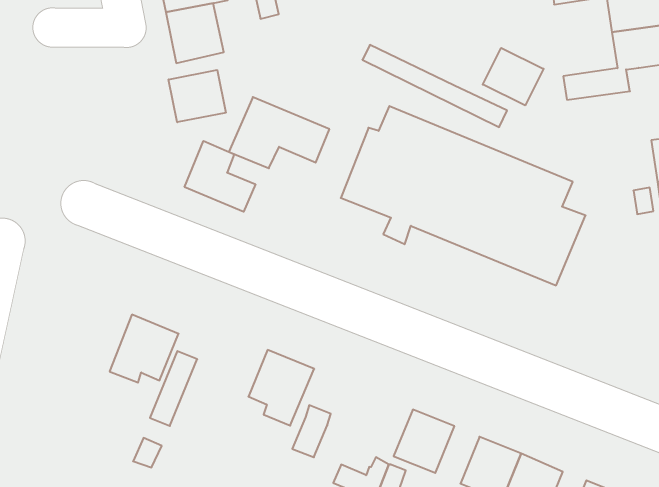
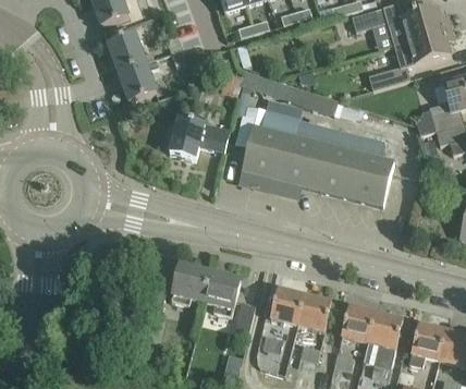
building: [483,48,544,105] -> none
building: [169,70,226,122] -> none
building: [185,141,255,212] -> none
building: [110,315,179,383] -> [170,263,209,304]
building: none -> [269,288,304,325]

